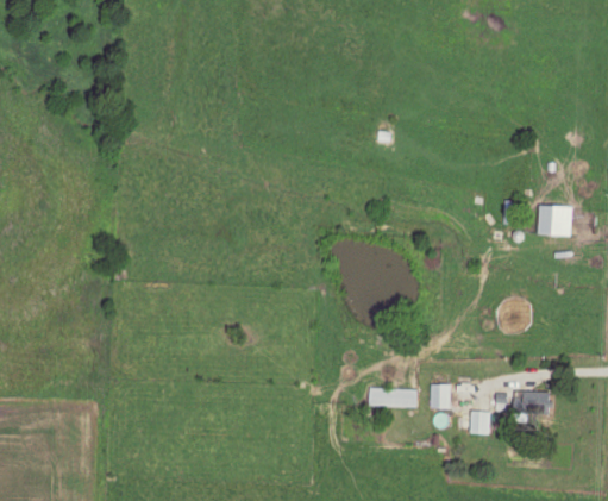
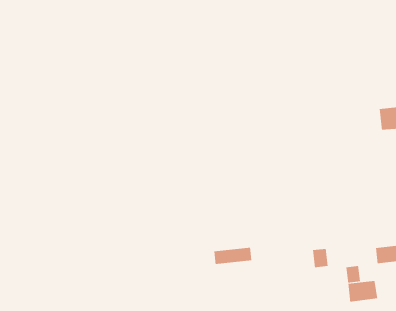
building: [368,389,418,407] -> [213,247,252,264]
building: none -> [348,280,378,303]

